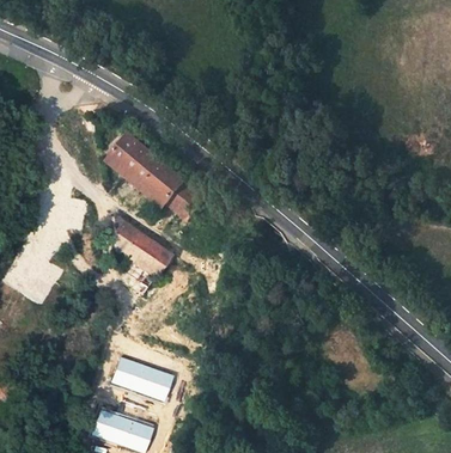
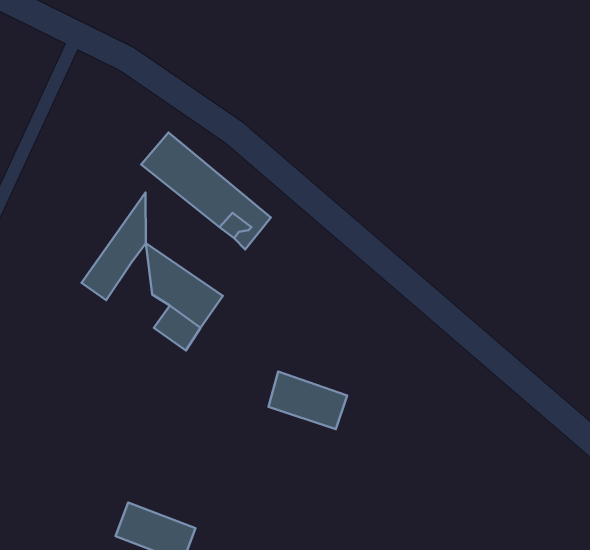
building: none -> [81,193,146,300]
building: [112,357,171,400] -> [269,371,347,429]

